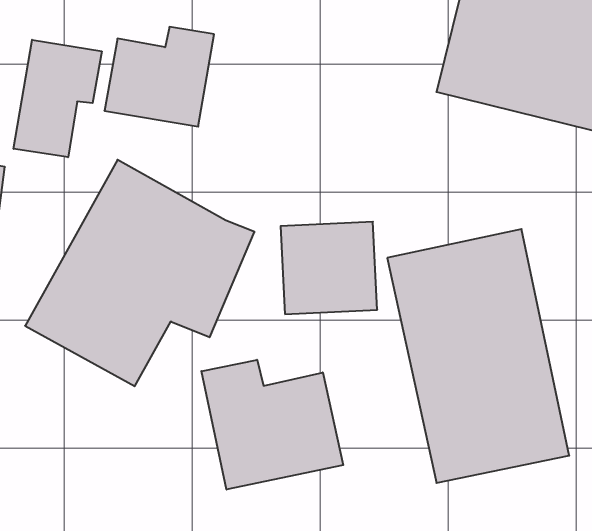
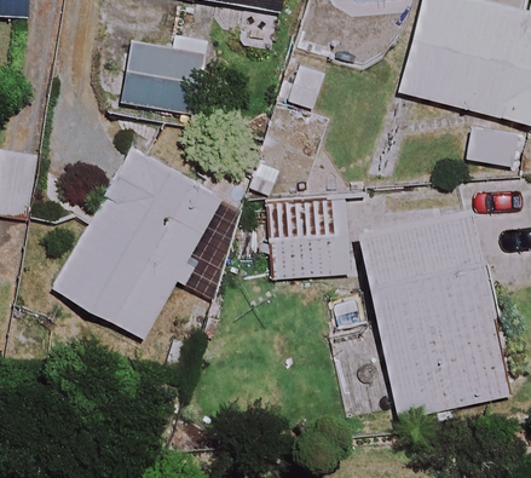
building: [14,40,102,157] -> none
building: [201,360,343,490] -> none

